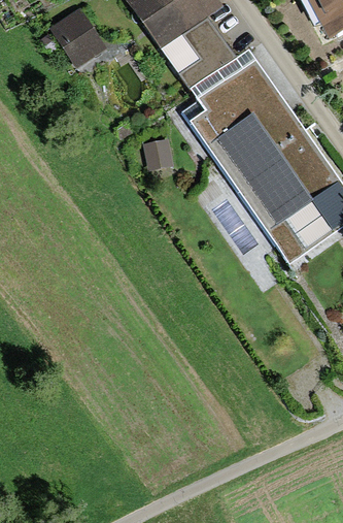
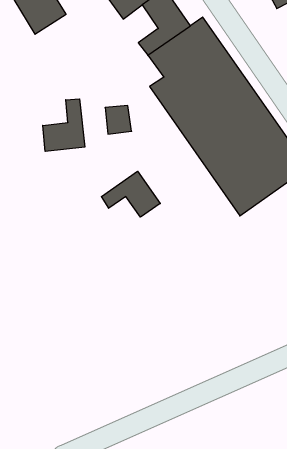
building: none -> [43,99,85,151]
building: none -> [101,171,160,217]

